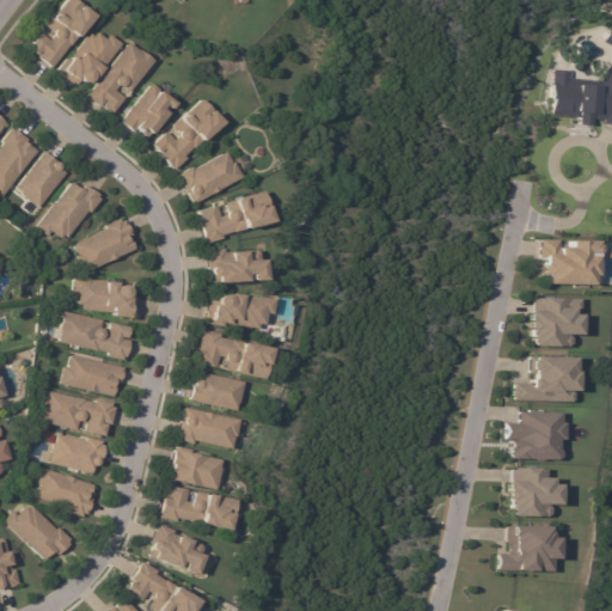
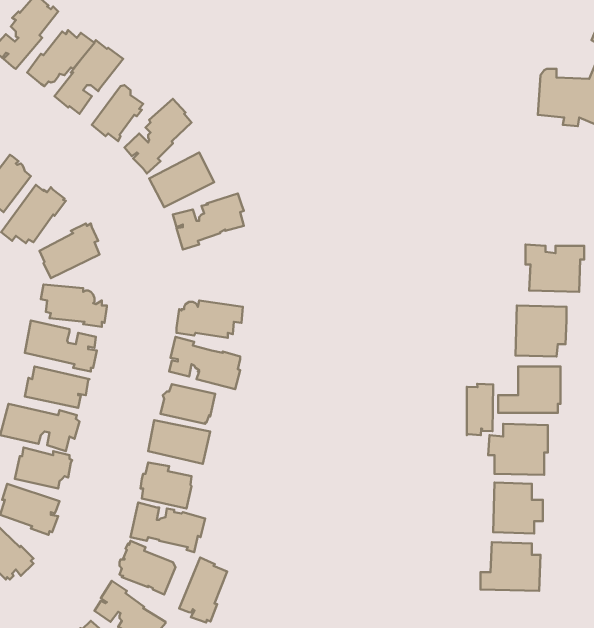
building: [213,248,264,283] -> none
building: none -> [467,384,493,435]
building: none -> [179,558,227,623]

